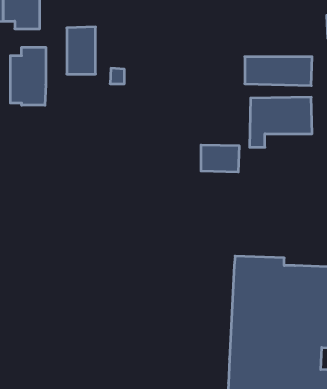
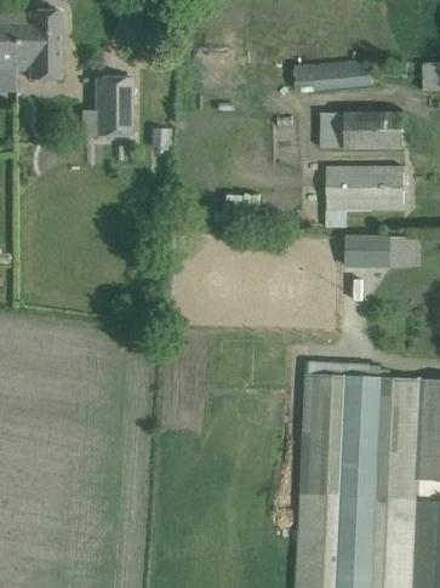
building: none -> [313,57,376,91]
building: [10,47,46,105] -> none
building: [201,145,239,172] -> [345,234,394,268]

